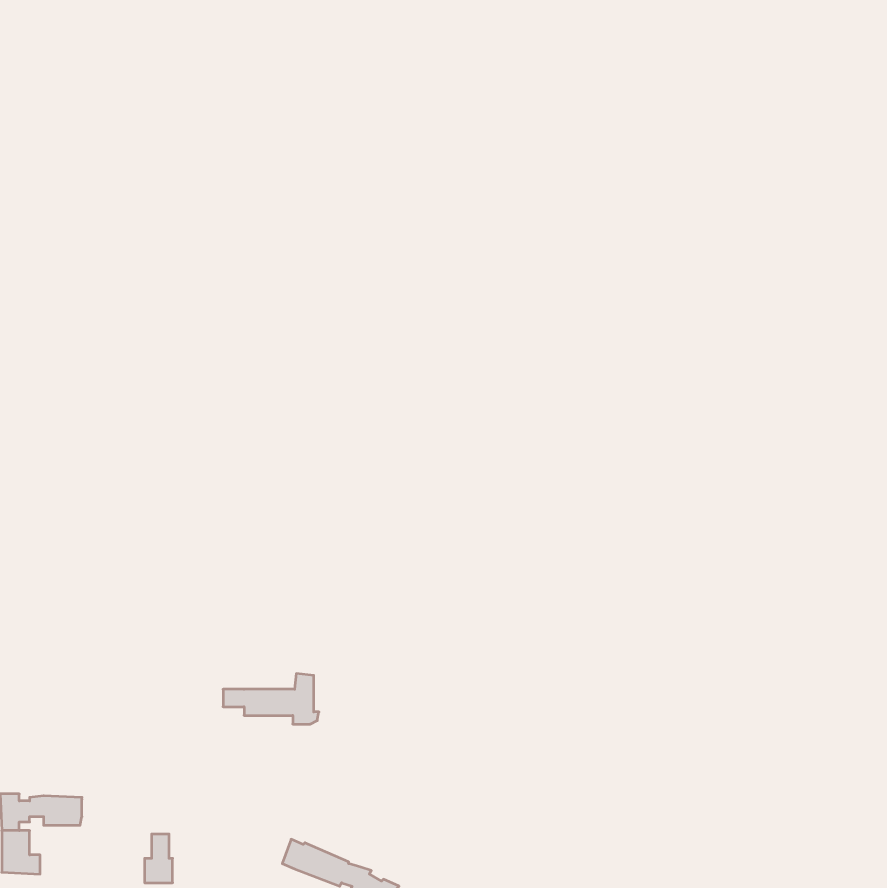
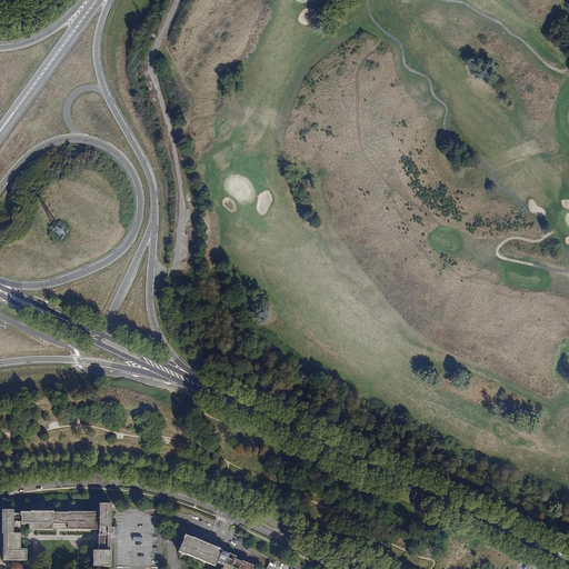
building: [223,674,319,724] -> [52,501,113,533]

